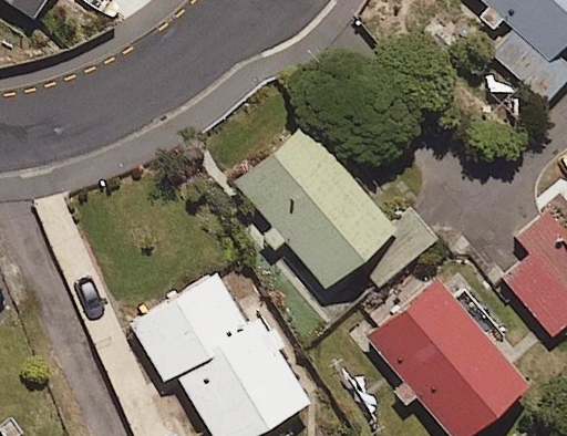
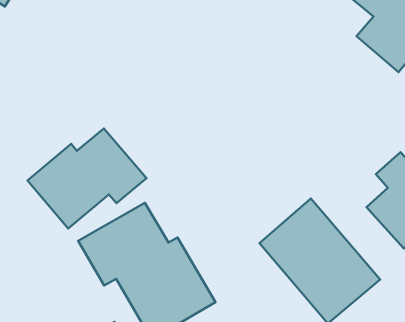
building: [234,127,439,295] -> none
building: none -> [28,129,146,229]

